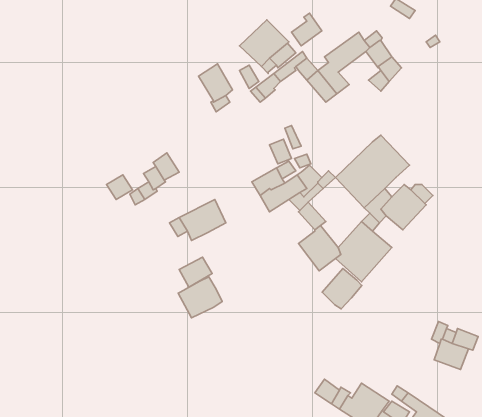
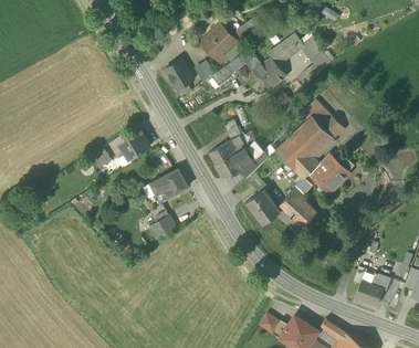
building: none -> [300,101,344,140]
building: [322,269,362,309] -> none
building: [178,277,222,318] -> none

